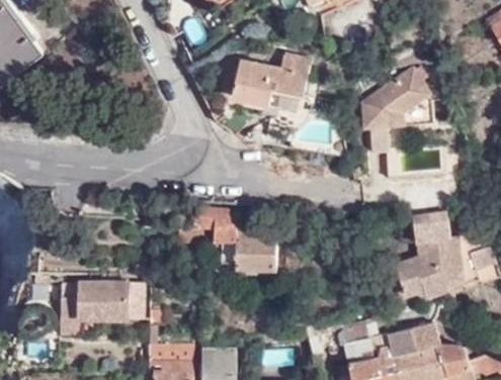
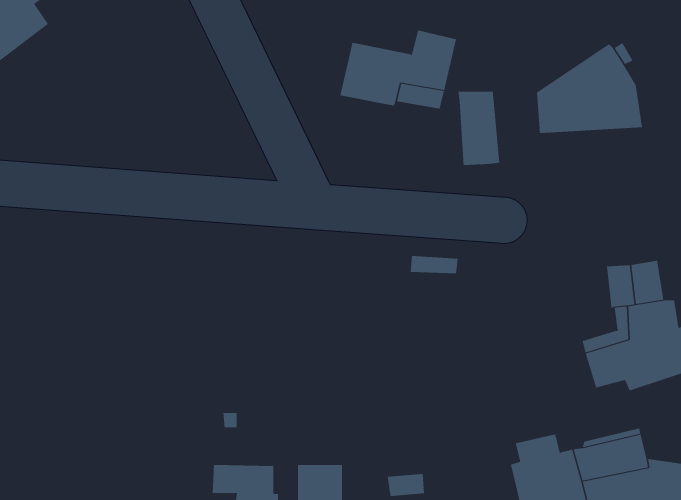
building: none -> [458,91,500,166]
building: [185,209,279,271] -> none
building: [58,284,142,335] -> none

